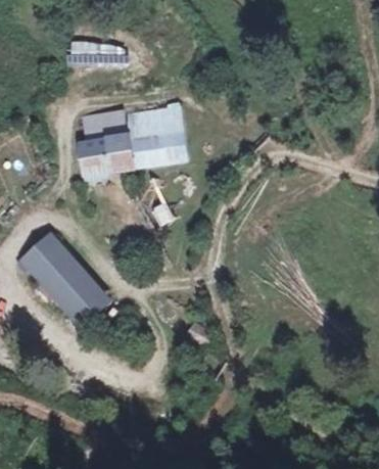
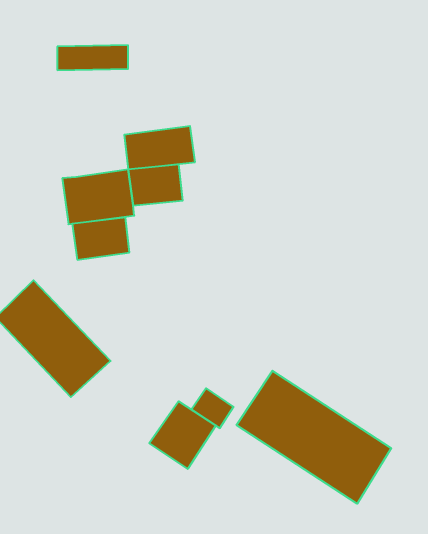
building: [81,111,128,146] -> [72,218,129,260]
building: none -> [237,371,391,504]
building: none -> [149,401,216,469]

